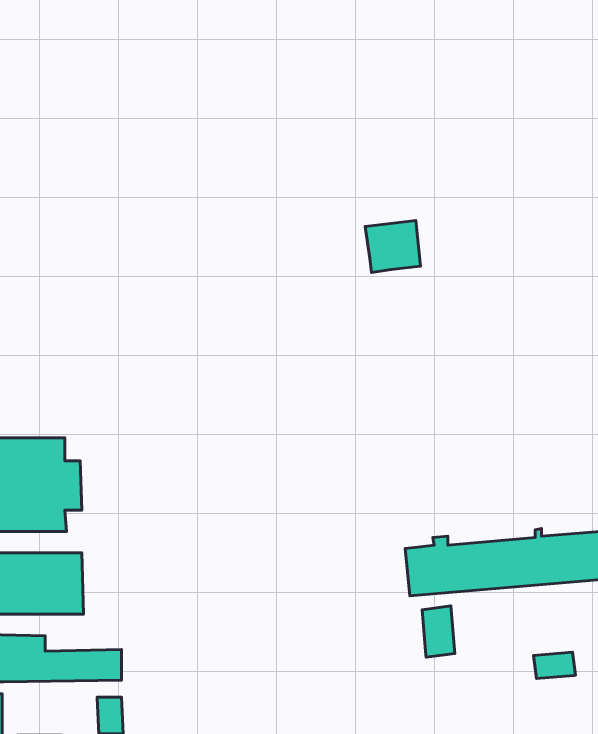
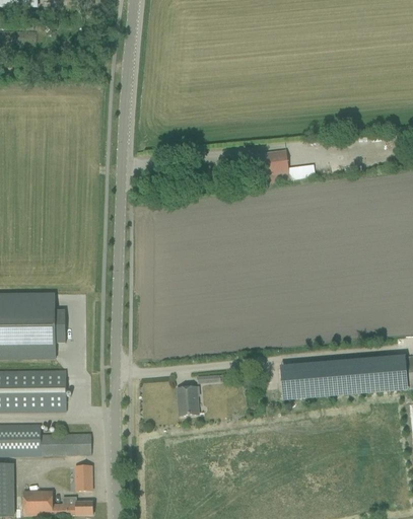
building: none -> [178,386,198,415]
building: [422,606,455,657] -> none
building: [534,652,575,679] -> none

